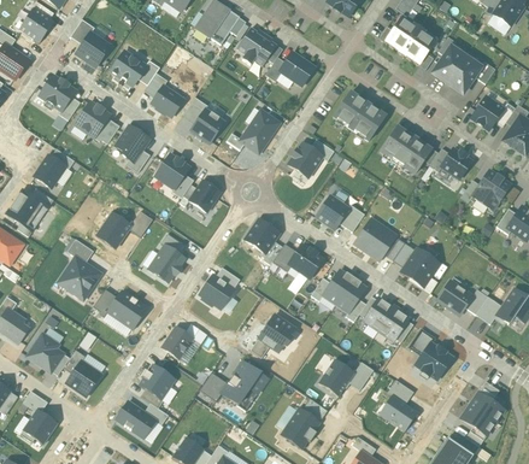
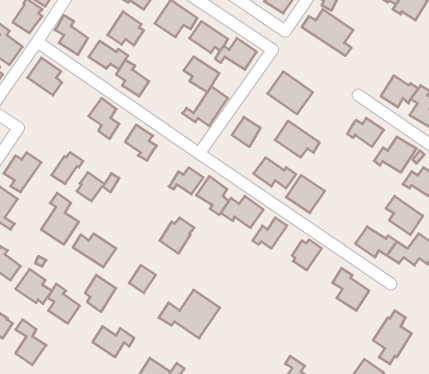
building: none -> [107,11,144,45]
building: [429,45,482,96] -> none
building: [182,100,225,143] -> [184,57,219,92]
building: [76,101,119,143] -> none
building: [381,127,435,171] -> [275,121,319,157]
building: [33,148,71,187] -> [51,152,83,184]
building: [180,180,222,212] -> [169,168,203,194]
building: [145,236,183,283] -> none
building: none -> [386,196,423,235]
building: [394,242,437,287] -> none
building: [335,277,368,321] -> none
building: [378,305,413,342] -> none
building: [252,315,295,358] -> none
building: [319,358,374,395] -> none
building: [139,363,176,407] -> [85,275,116,312]
building: [380,380,417,430] -> none
building: [282,399,327,447] -> none

